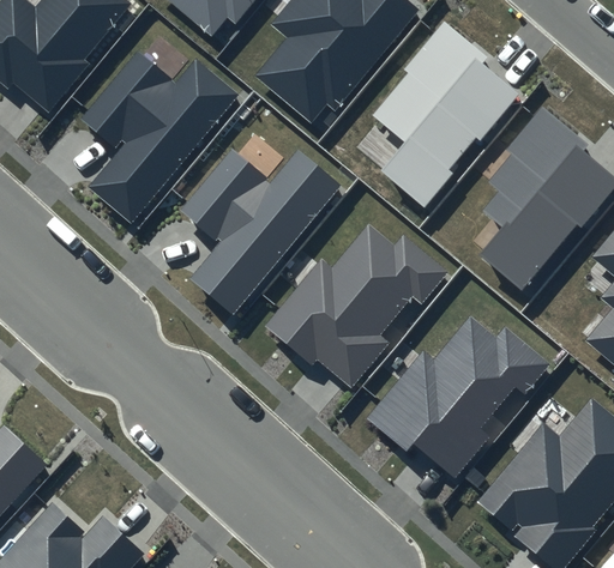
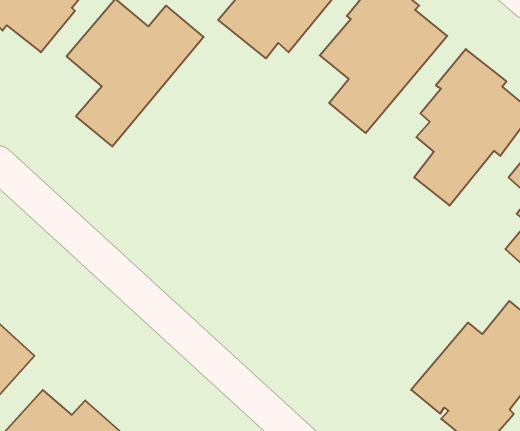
building: [181,147,342,315] -> none
building: [267,225,450,388] -> none
building: [368,315,552,475] -> none

